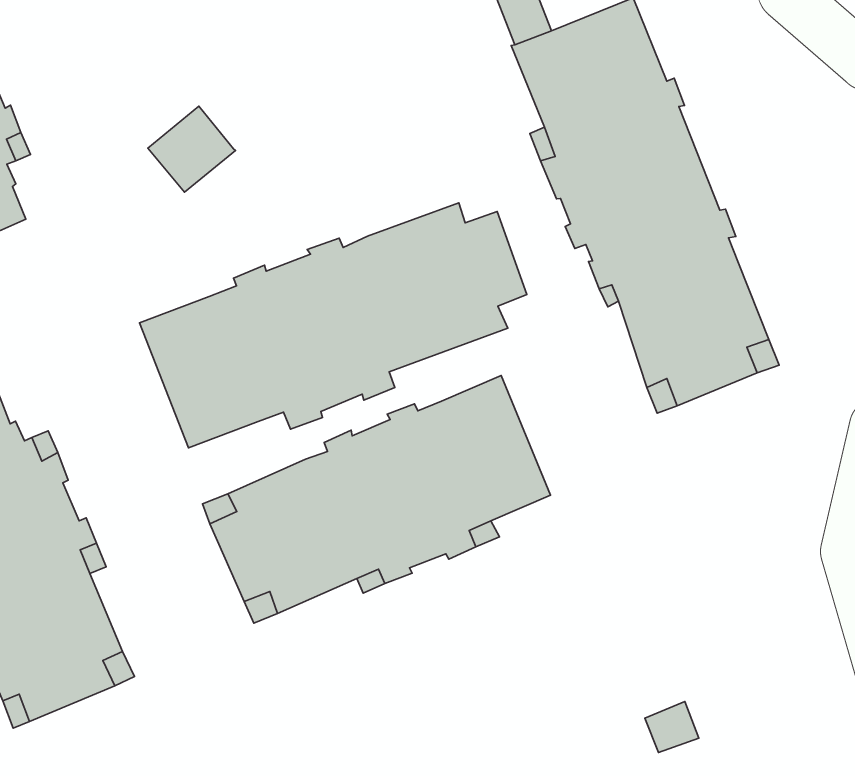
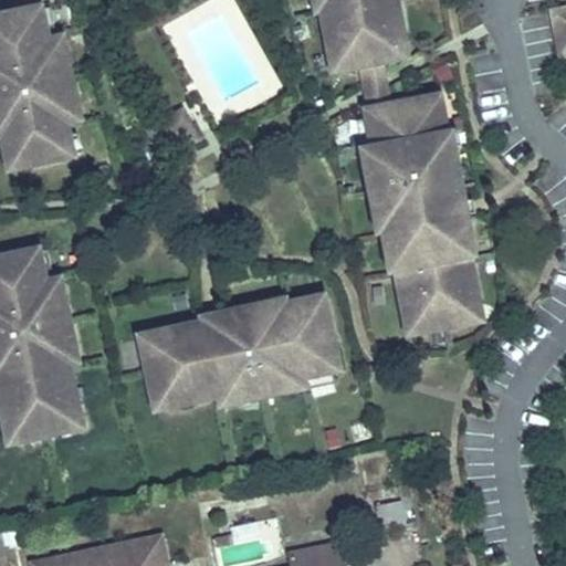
building: [139,203,527,448] -> none

